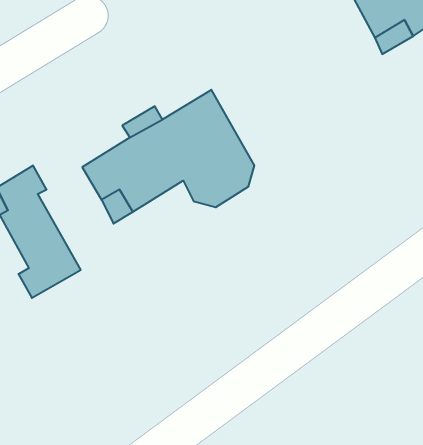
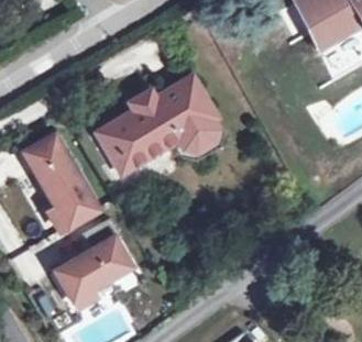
building: none -> [55,217,128,307]

